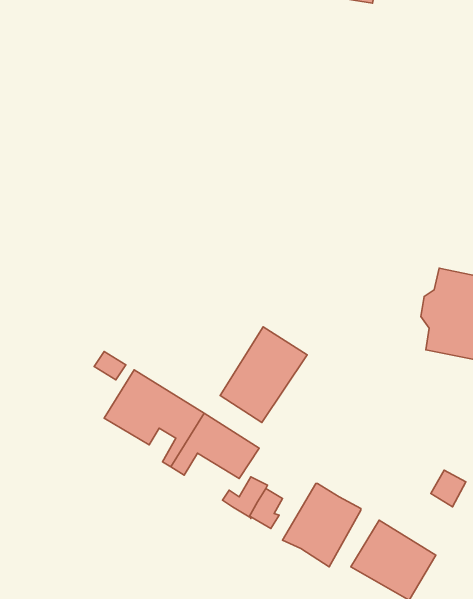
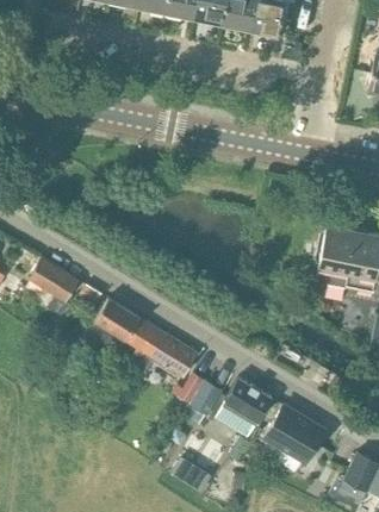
building: none -> [29,256,80,301]
building: [220,327,307,423] -> none

